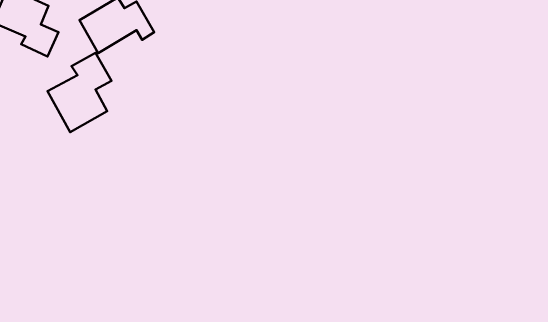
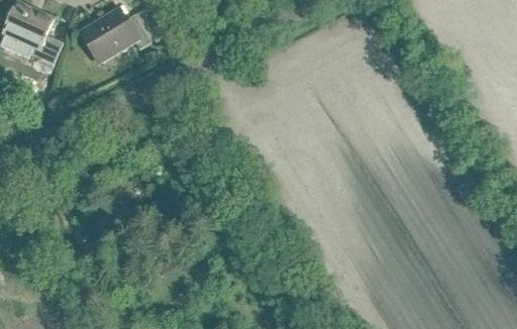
building: [48,53,111,132] -> none

